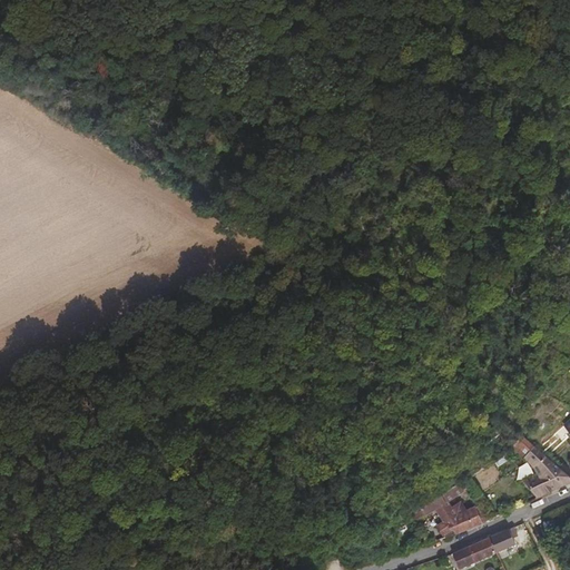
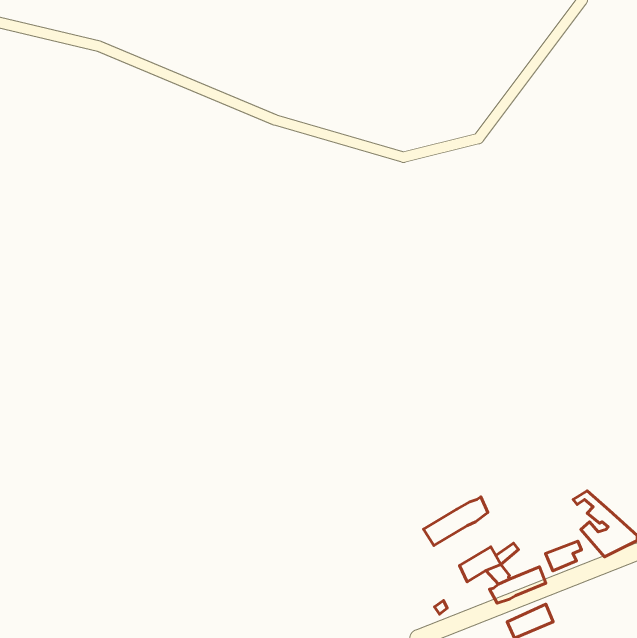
building: none -> [423,497,488,545]
building: [487,528,519,554] -> [545,541,582,571]

